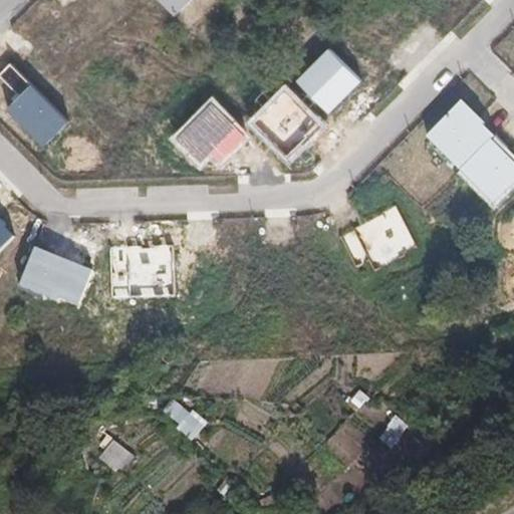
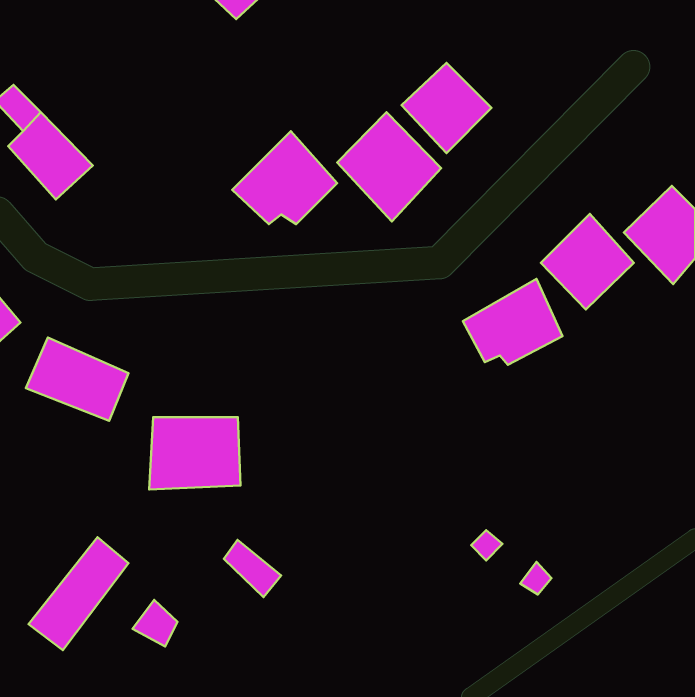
building: [426,100,494,171] -> [541,214,634,309]
building: [107,247,175,300] -> [149,417,241,490]
building: none -> [28,537,128,650]

